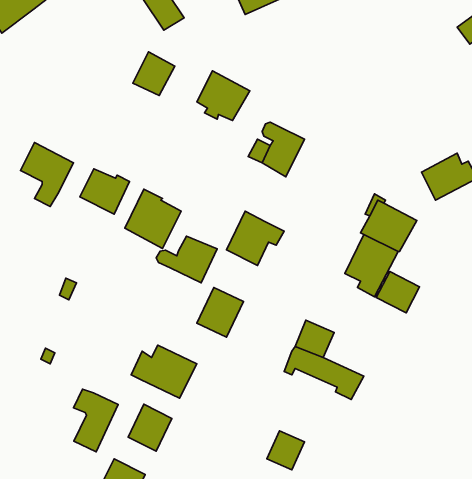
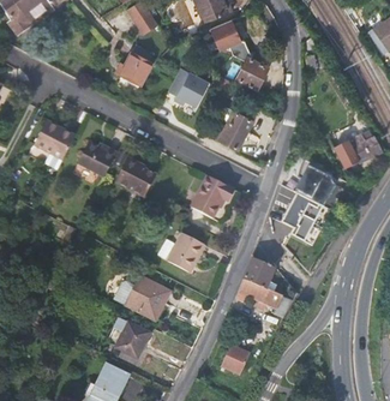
building: none -> [210,19,268,89]
building: [156,236,217,283] -> none
building: [376,272,420,313] -> none
building: [73,389,118,452] -> none

